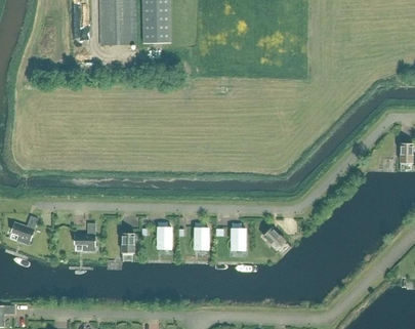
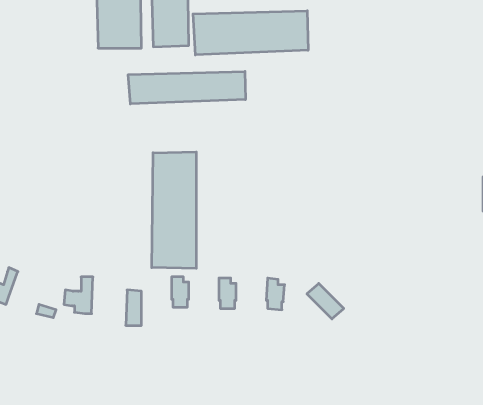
building: none -> [193,11,308,55]
building: none -> [128,71,245,104]
building: none -> [152,152,196,268]

